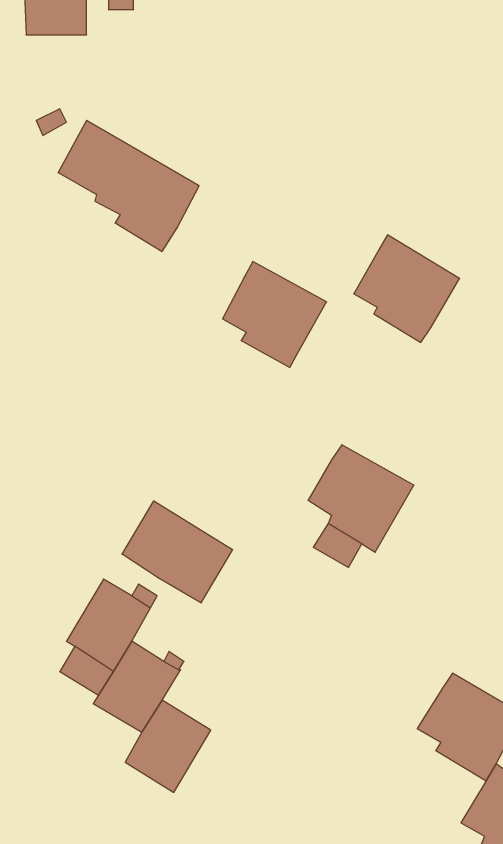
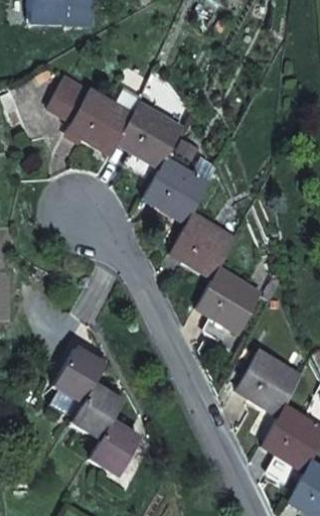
building: none -> [120,105,182,168]
building: [354,235,460,342] -> [172,214,235,278]
building: [122,501,233,603] -> none
building: none -> [238,351,302,415]

